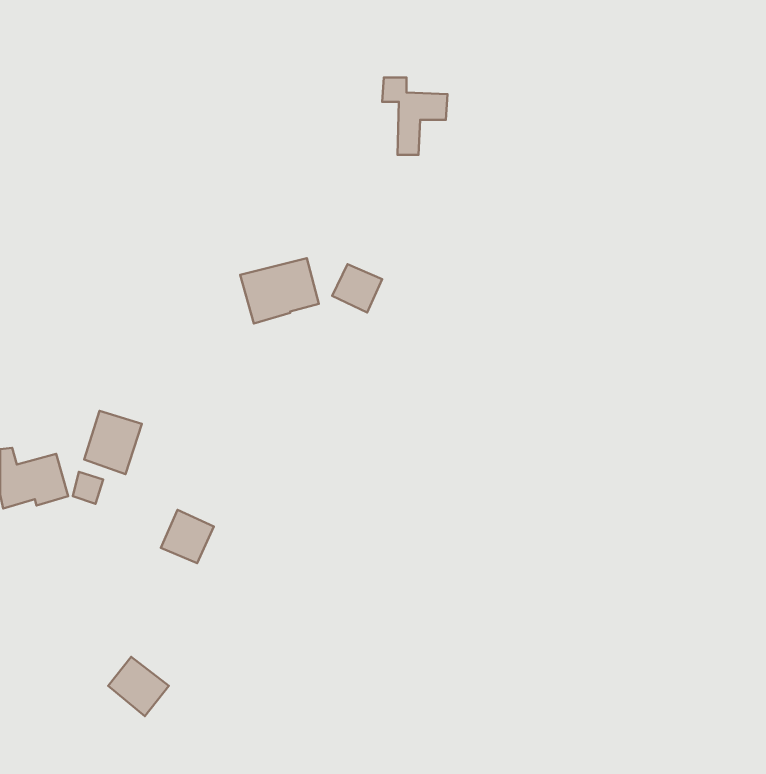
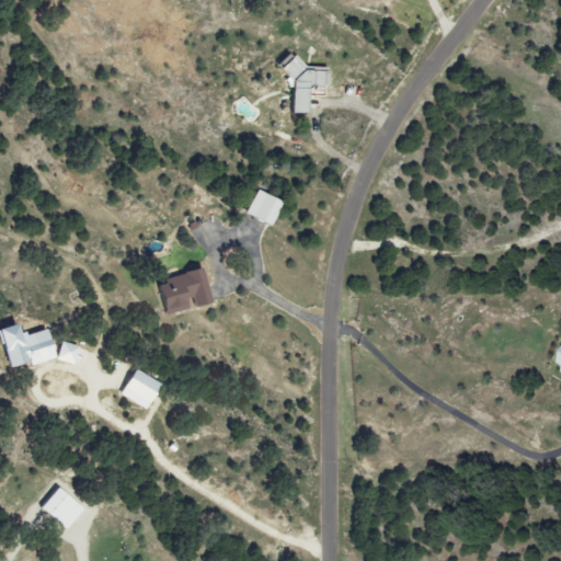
building: [240,258,319,324] -> [158,268,215,316]
building: [84,411,142,474] -> none
building: [108,657,169,716] -> [42,486,85,529]

